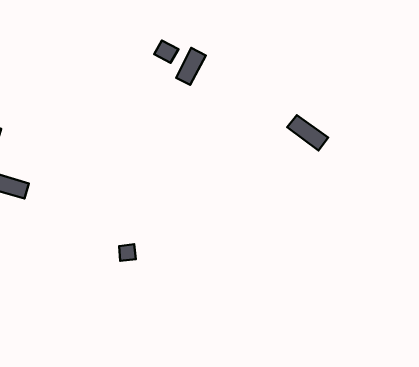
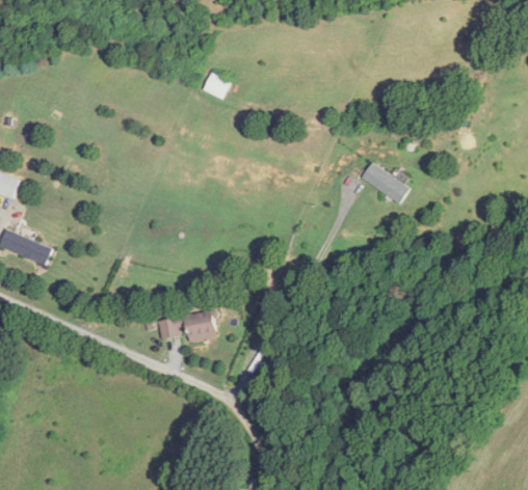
building: [176,48,206,85] -> none
building: none -> [184,311,213,338]

